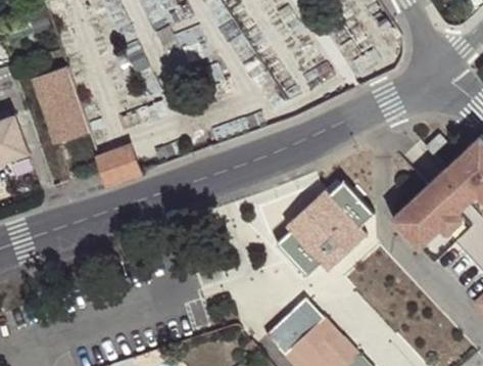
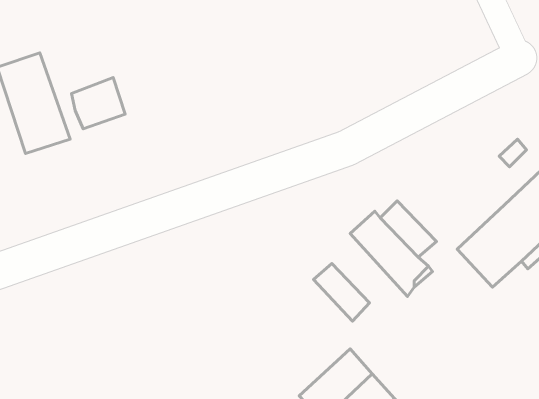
building: [97,146,139,186] -> [71,78,125,129]
building: [288,208,352,271] -> none

